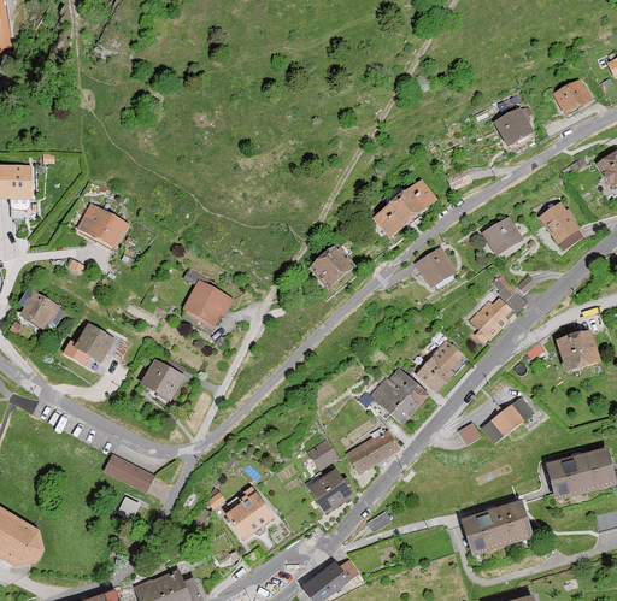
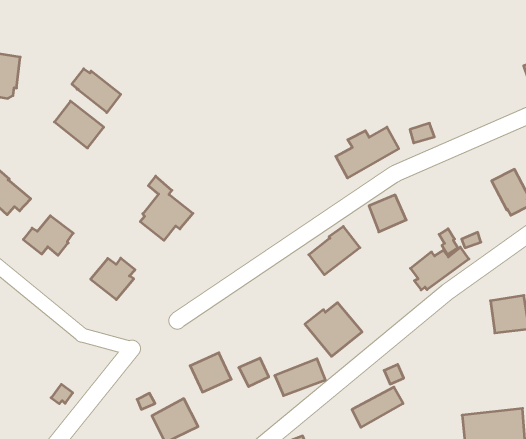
building: [493,108,533,147] -> none
building: none -> [72,69,121,113]
building: [482,217,522,255] -> none
building: [308,244,354,289] -> none
building: [415,338,466,391] -> [309,226,360,275]
building: [481,396,533,443] -> [352,387,403,427]
building: [102,454,153,493] -> none
building: [306,469,351,512] -> [190,353,231,392]

